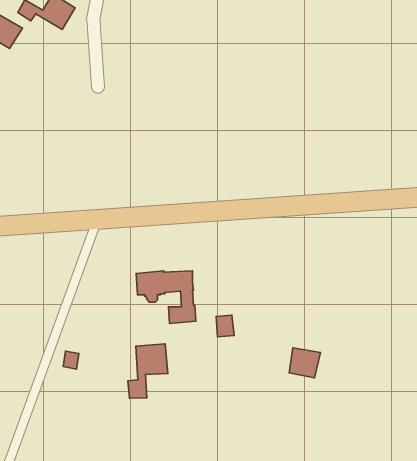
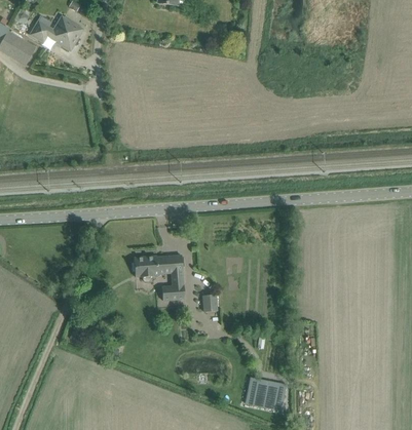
building: [128,344,168,398] -> none
building: [289,348,320,378] -> [253,381,279,406]

